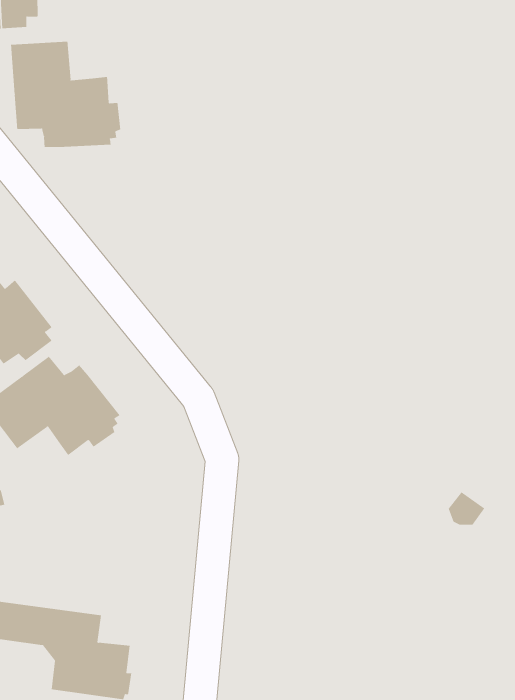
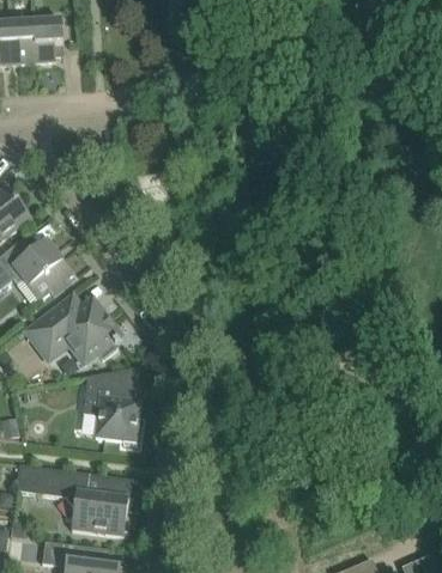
building: [10,41,121,148] -> none
building: none -> [81,366,144,445]

